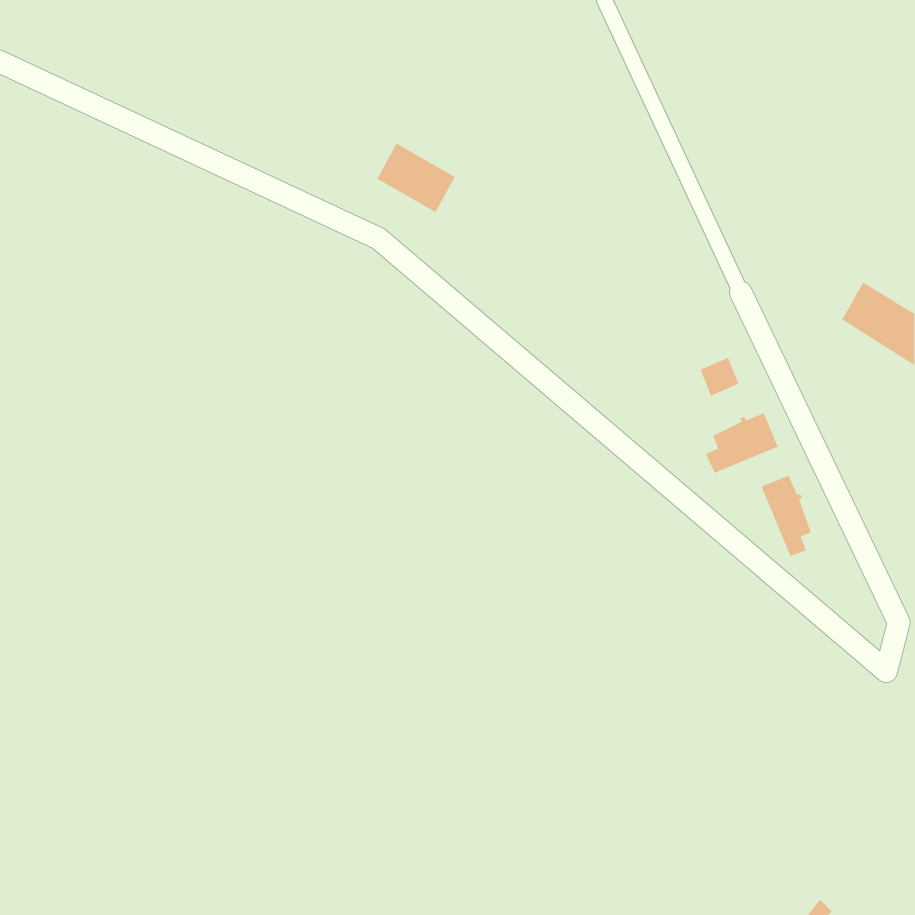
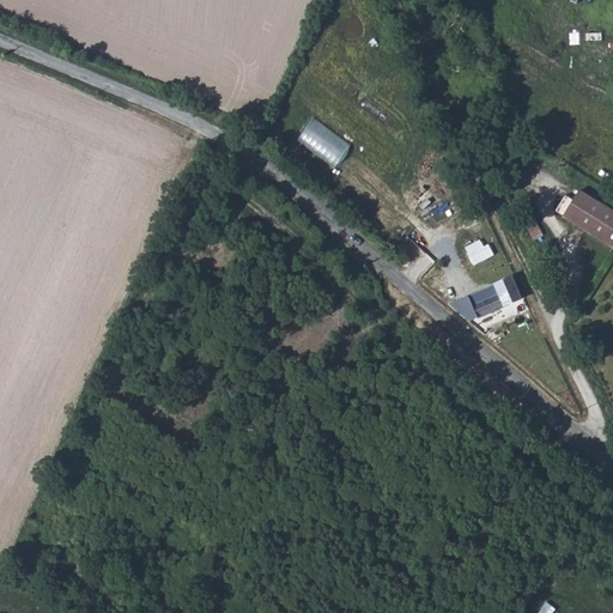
building: [377,143,455,213] -> [299,121,352,168]
building: [761,475,812,557] -> none

